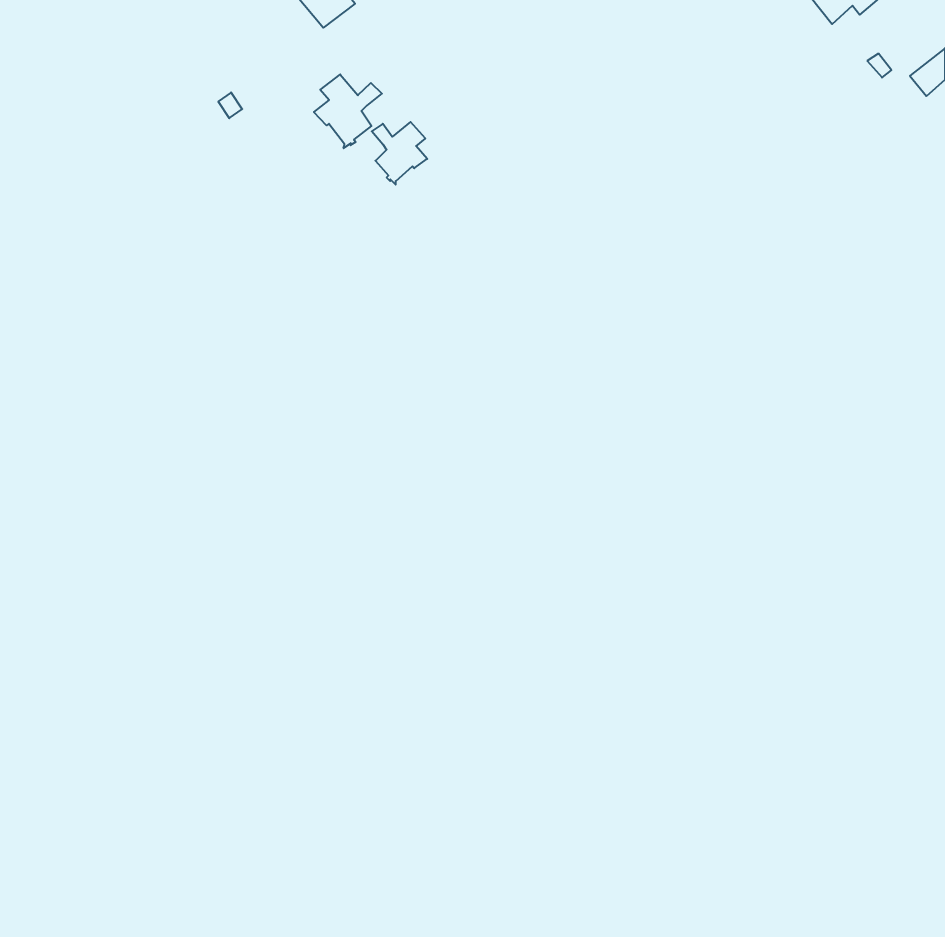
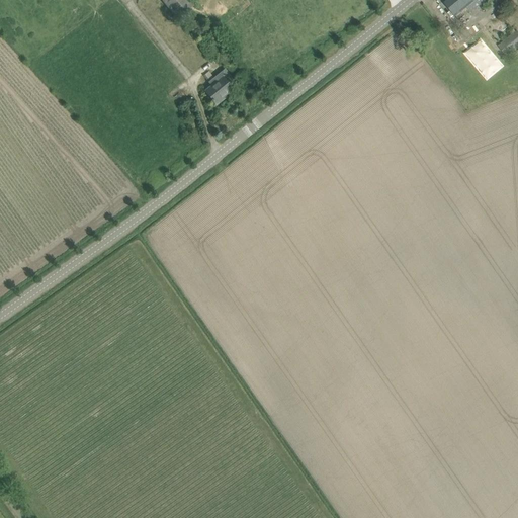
building: [314,74,382,148] -> none

